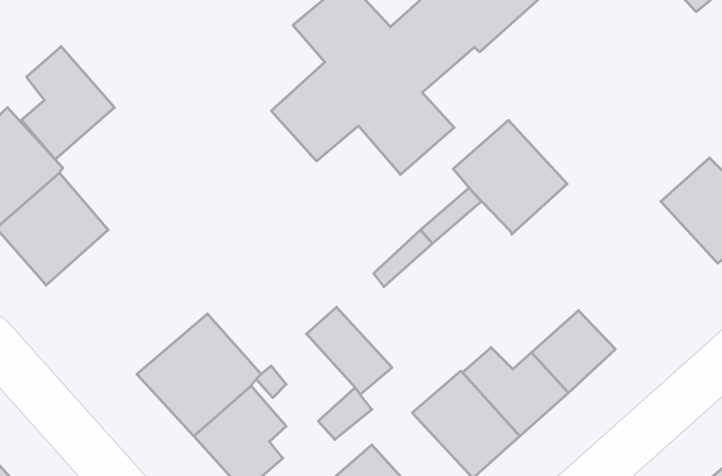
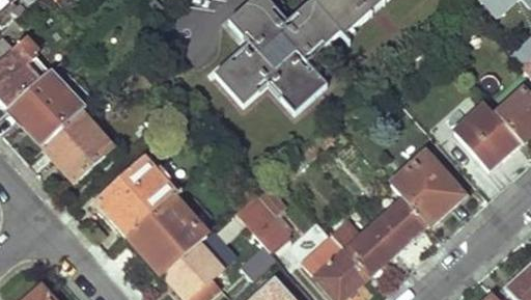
building: [22,46,115,159] -> none
building: [453,120,567,234] -> [391,152,462,222]
building: none -> [100,156,184,236]

